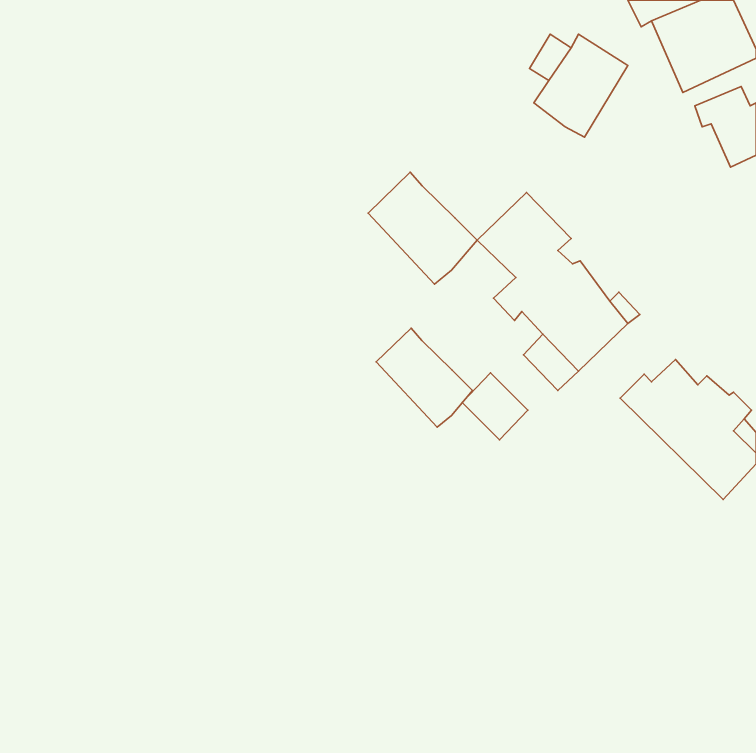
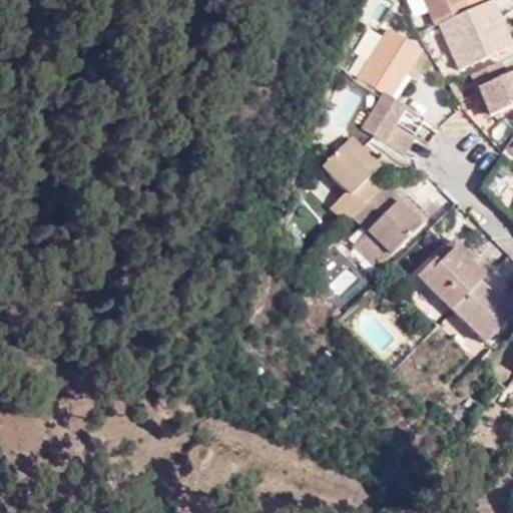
building: none -> [359,91,422,152]
building: [368,172,477,284] -> none
building: [376,328,472,427] -> none

